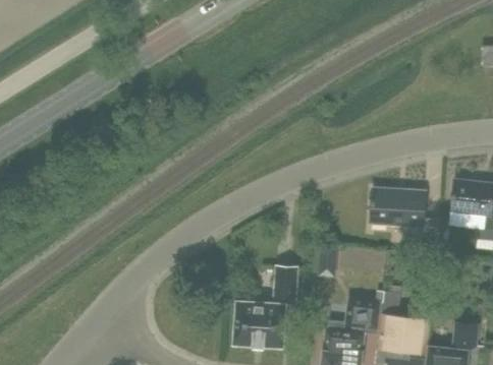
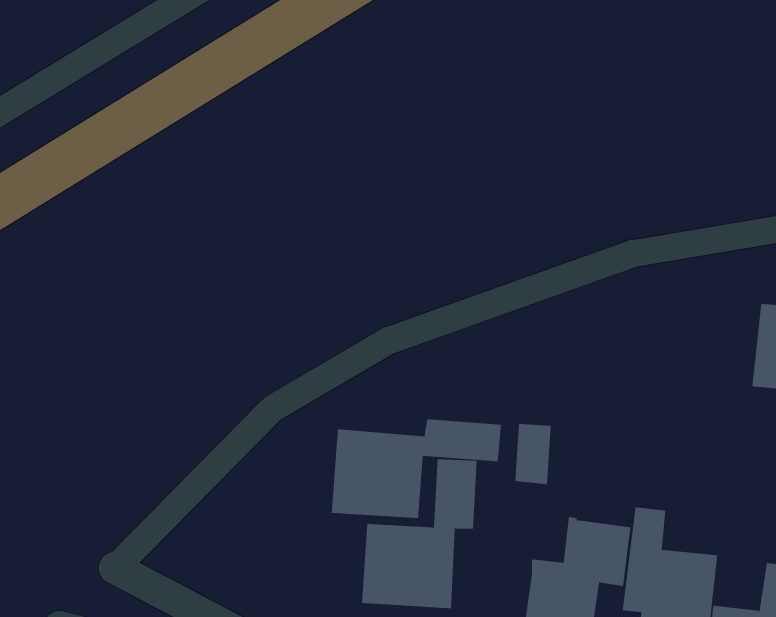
building: [370,188,439,255] -> none
building: none -> [331,418,502,519]

